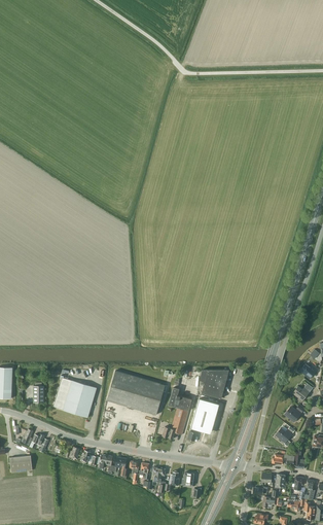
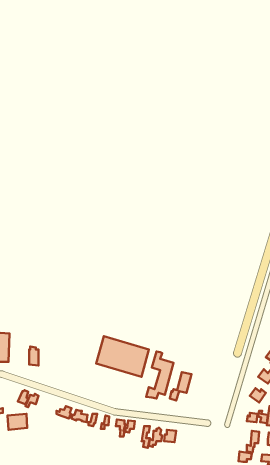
building: [200,370,229,398] -> none
building: [53,378,97,418] -> none

